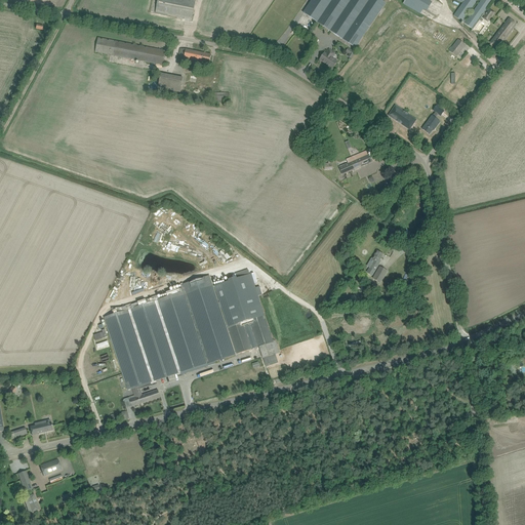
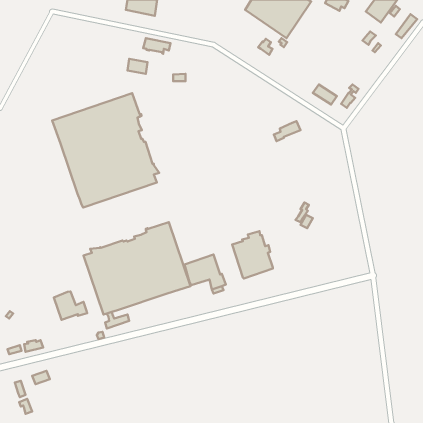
building: [95,37,165,64] -> none
building: none -> [52,93,159,208]
building: [214,269,265,327] -> [232,231,273,278]
building: none -> [54,291,87,320]

